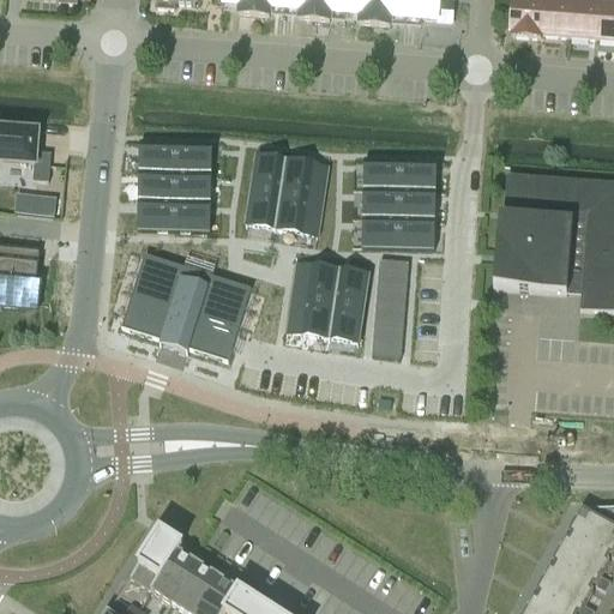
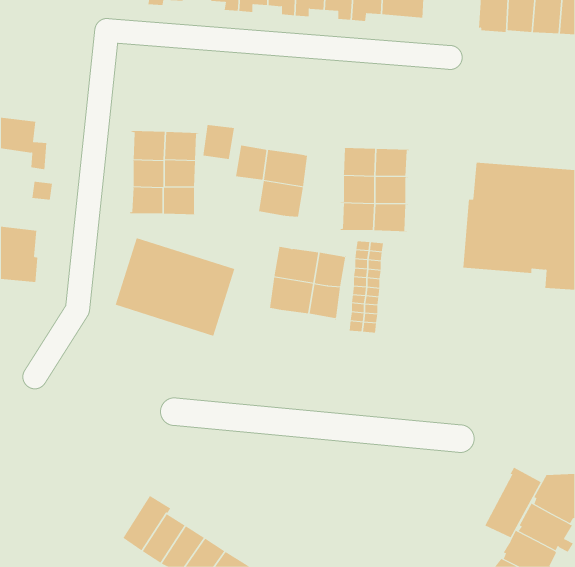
building: [246,188,281,228] -> [202,124,235,162]
building: none -> [485,467,541,538]

